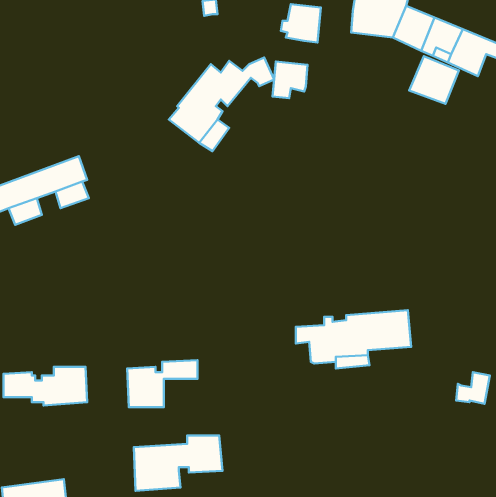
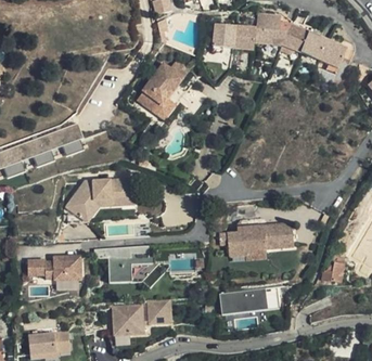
building: [409,56,459,104] -> none
building: [273,61,308,98] -> [233,25,256,49]
building: none -> [66,178,138,223]
building: none -> [220,286,280,312]

